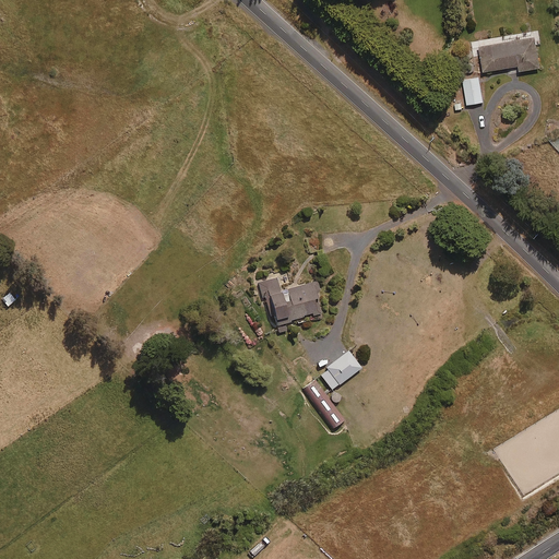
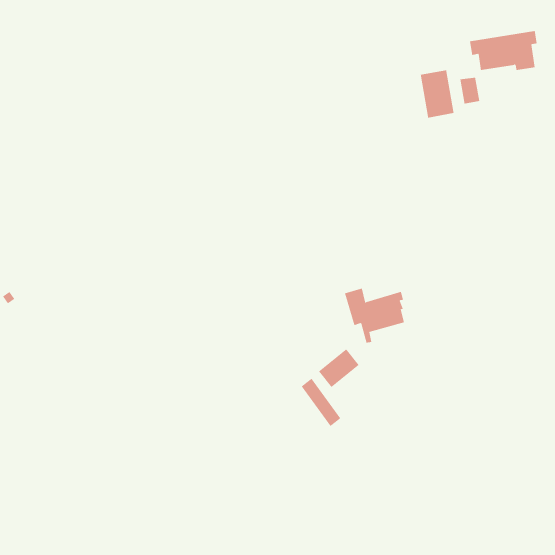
building: none -> [420,70,454,118]
building: [259,277,320,333] -> [344,288,405,343]

